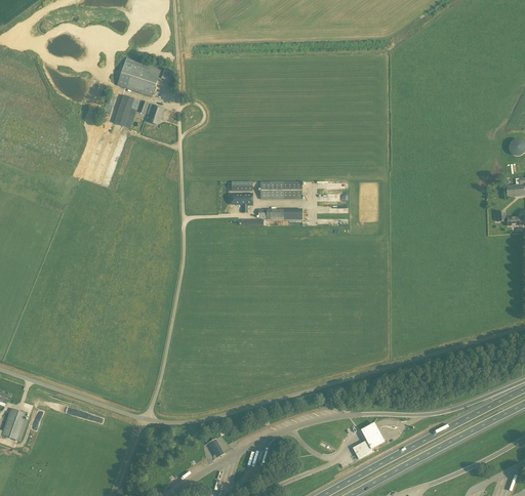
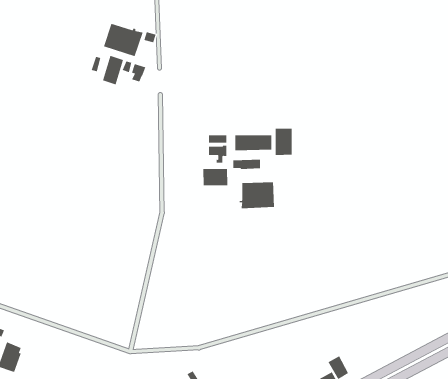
building: none -> [275,128,292,156]
building: none -> [203,168,228,186]
building: none -> [239,182,274,209]

